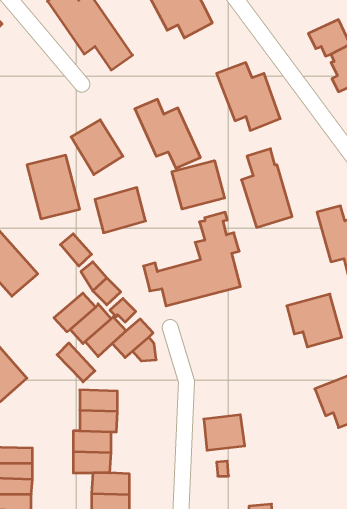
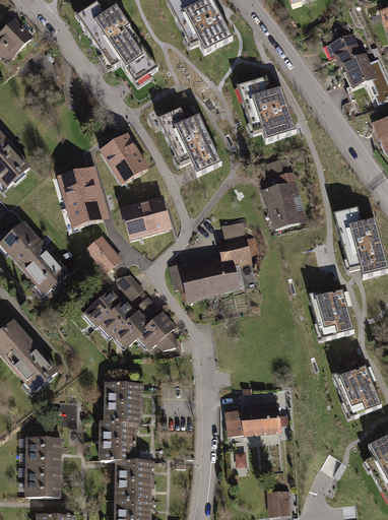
building: [172,161,225,209] -> none
building: [57,343,95,382] -> none
building: none -> [258,403,279,435]

